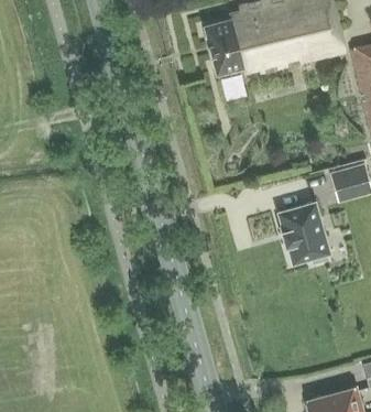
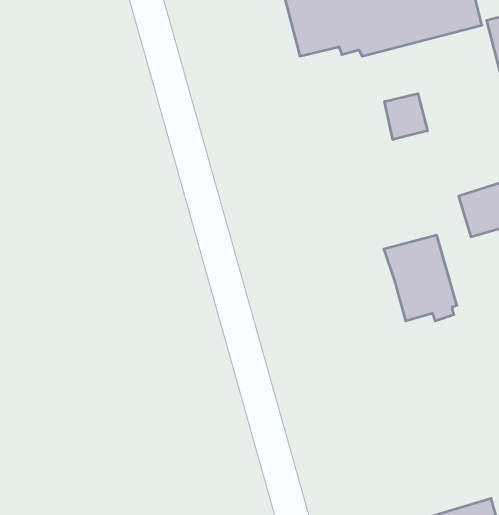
building: none -> [385,94,427,140]

